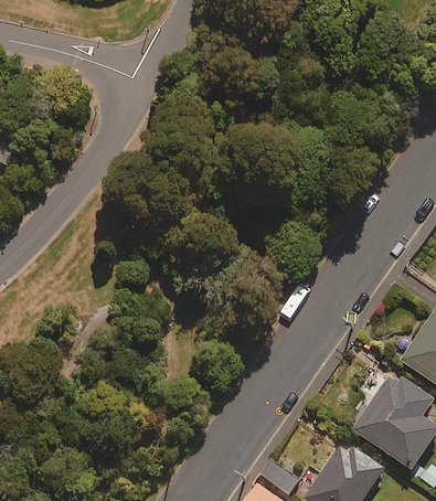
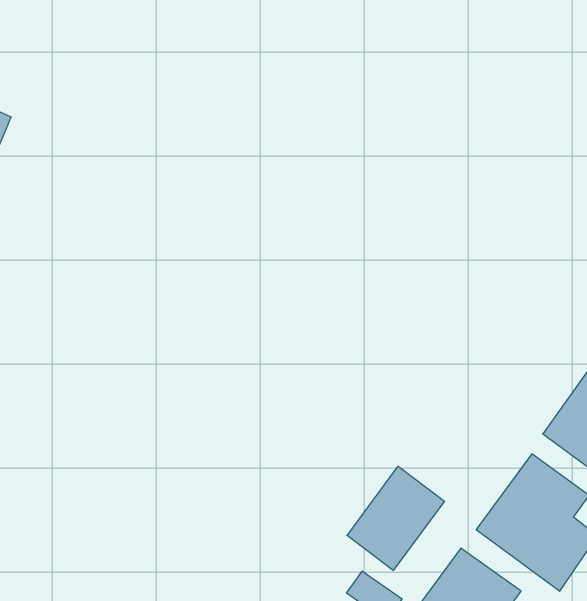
building: none -> [347,466,444,571]

